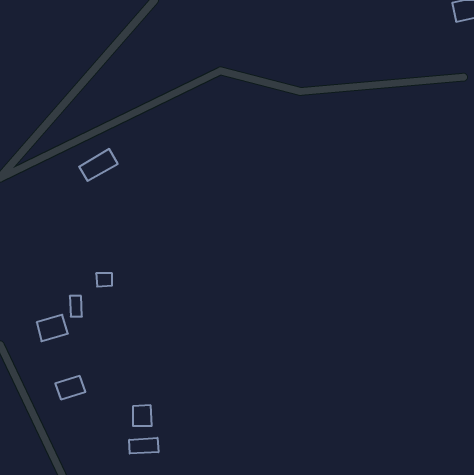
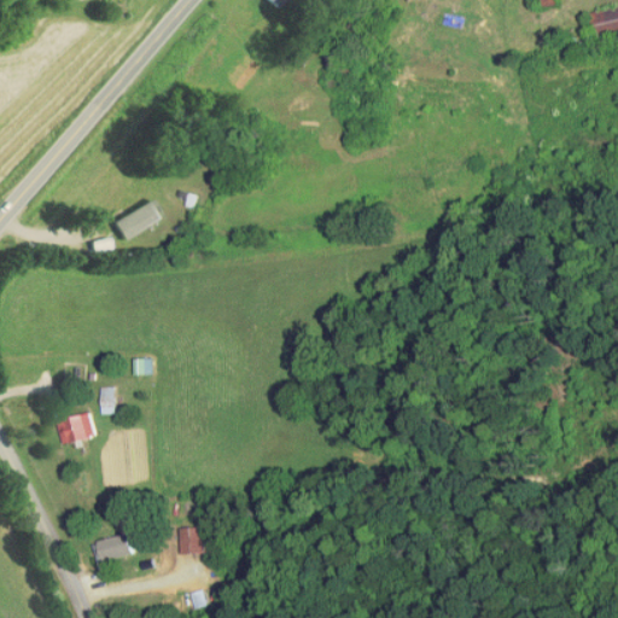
building: [55,376,85,399] -> [97,532,135,562]
building: [129,438,158,454] -> none

